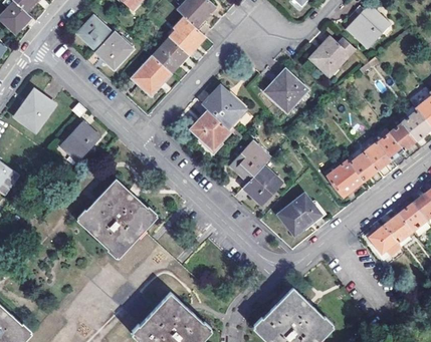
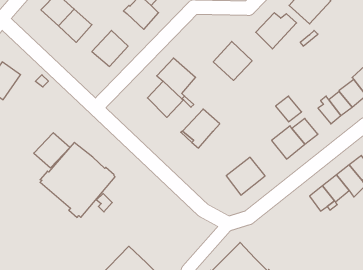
building: [154,38,189,73] -> none
building: [60,123,99,161] -> [34,133,70,168]
building: [364,140,392,168] -> [276,96,302,122]
building: [244,165,282,205] -> none

